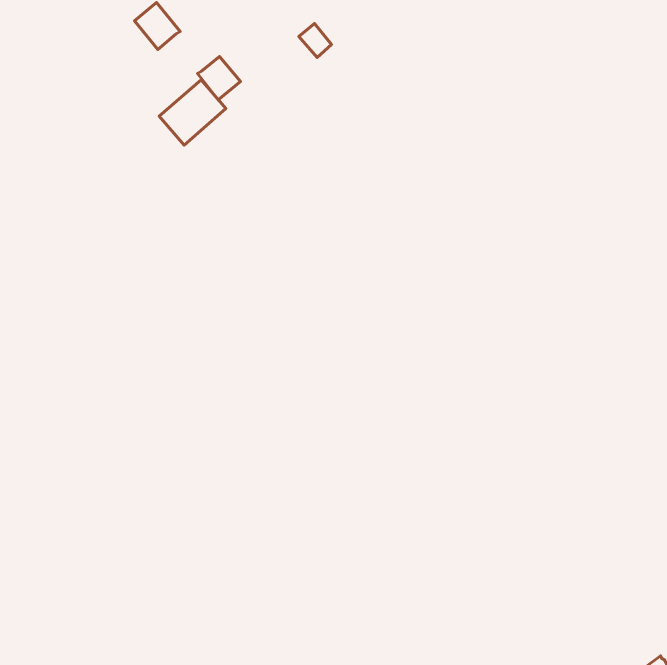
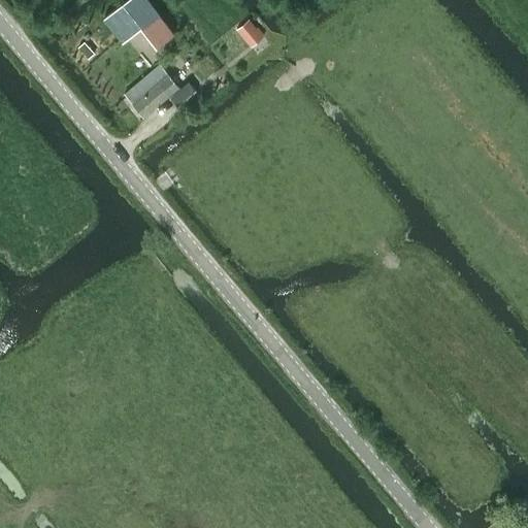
building: [197,57,241,100] -> [139,15,173,50]

